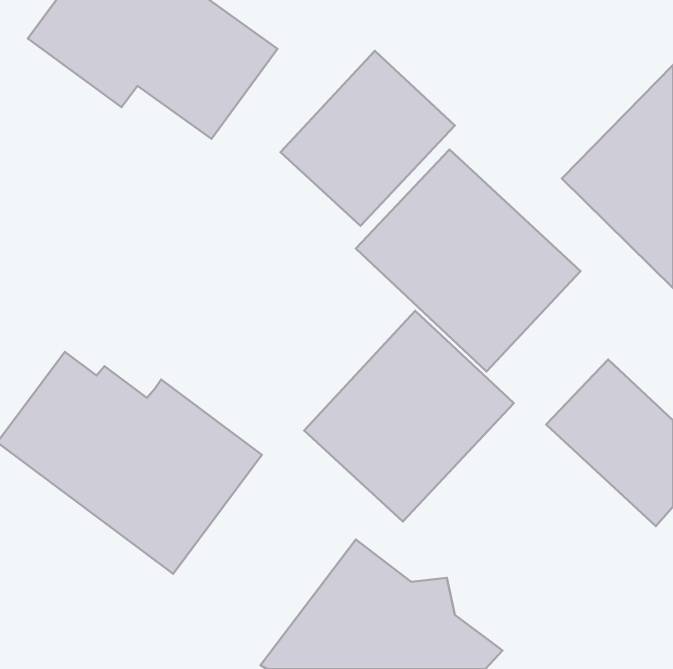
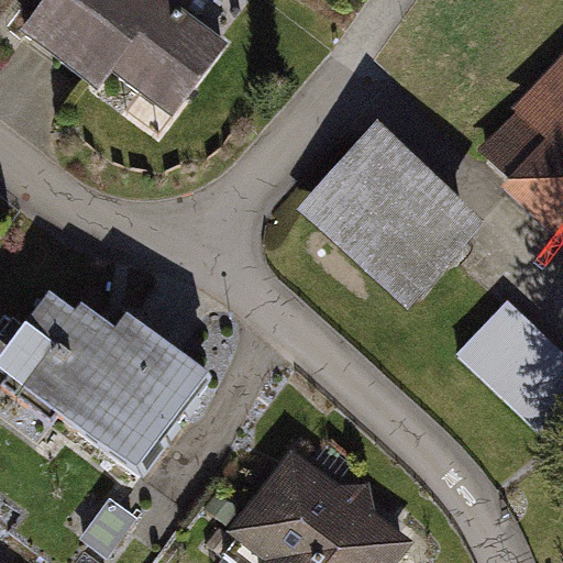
building: [281,51,455,226] -> none
building: [304,311,514,522] -> none

